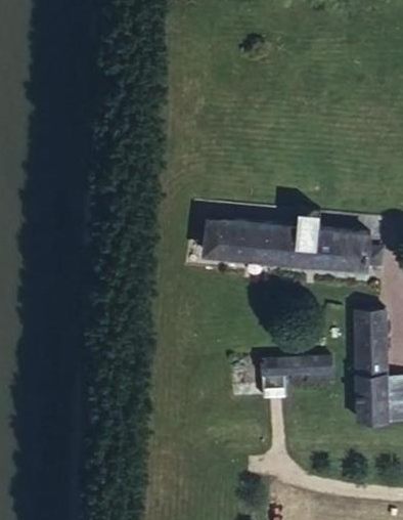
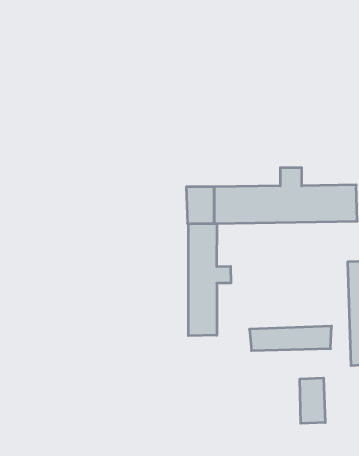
building: none -> [188,223,231,336]
building: none -> [300,378,325,423]

